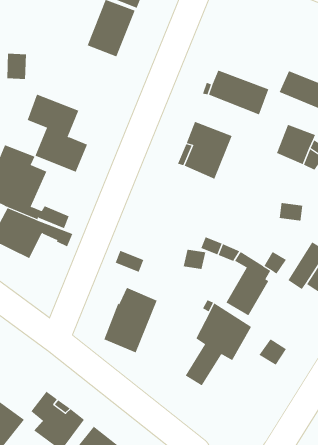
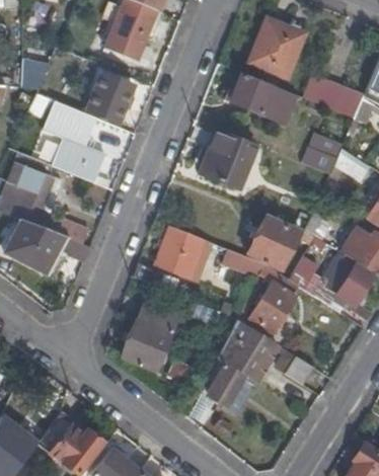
building: none -> [248,18,304,78]
building: none -> [89,74,134,125]
building: none -> [248,217,316,271]
building: none -> [156,227,206,280]

